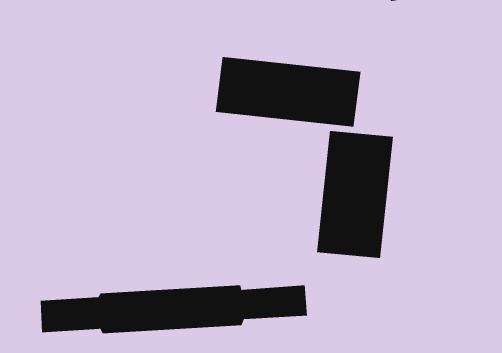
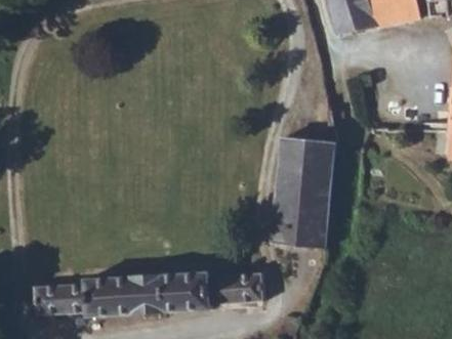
building: [215,56,361,127] -> none

